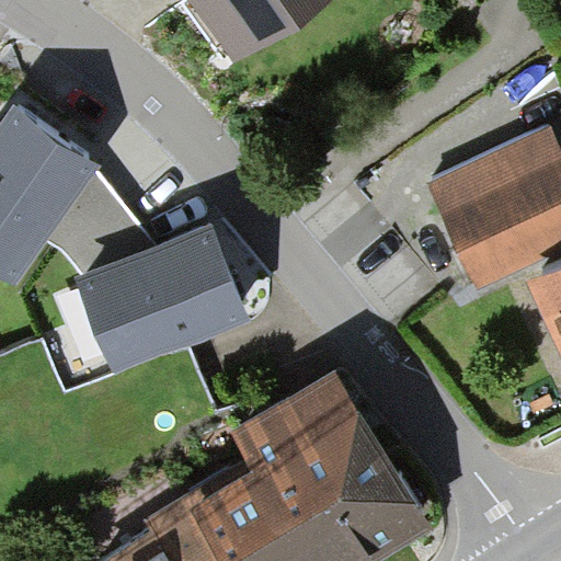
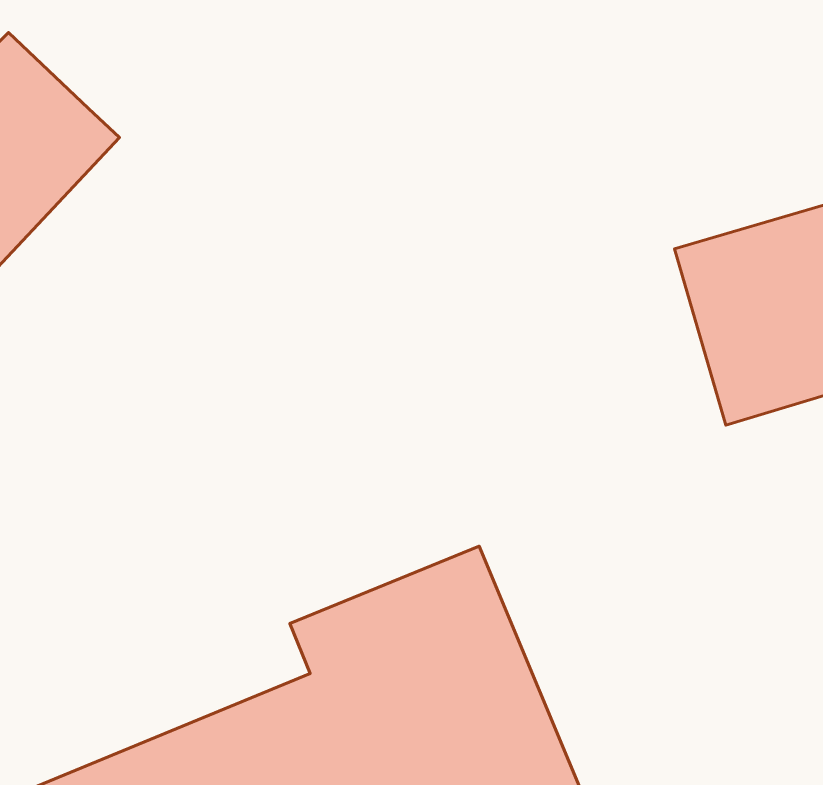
building: [91,239,242,366] -> none

